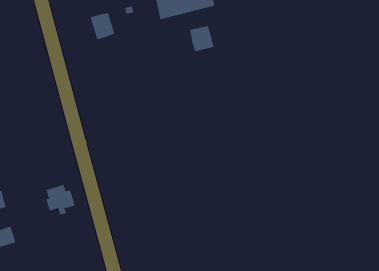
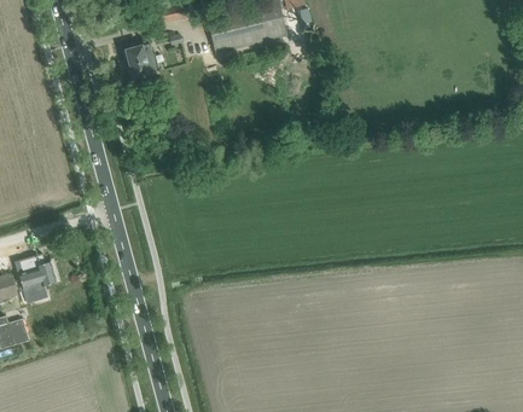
building: [190,25,214,52] -> none
building: [46,184,75,215] -> [17,253,56,292]

